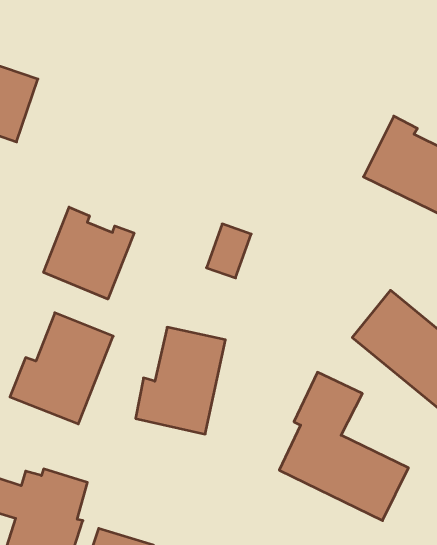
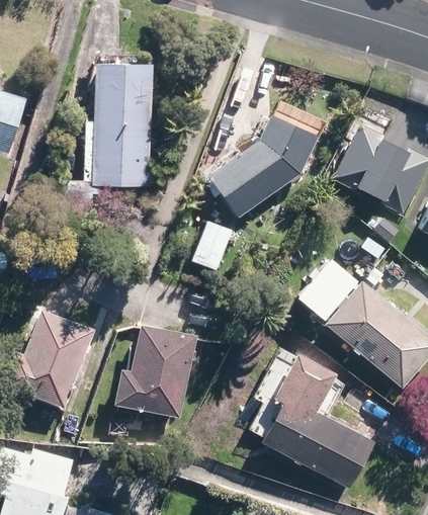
building: none -> [91,54,162,183]
building: none -> [203,118,312,221]
building: [44,207,134,299] -> none
building: none -> [288,262,348,324]

